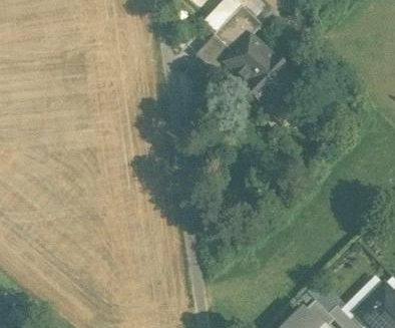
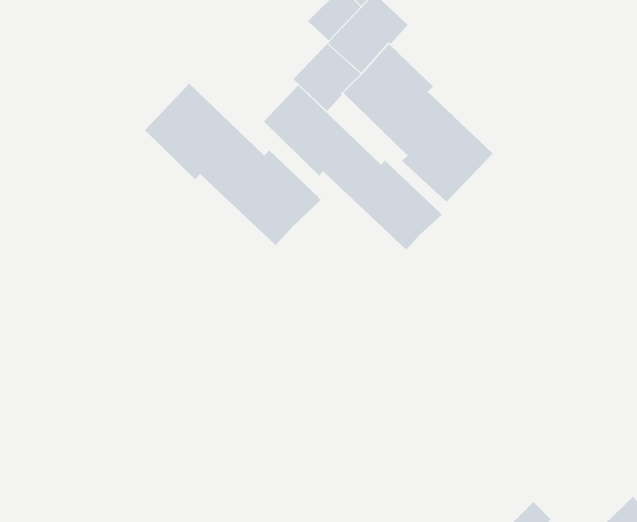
building: none -> [144,83,322,247]
building: none -> [263,85,443,251]

